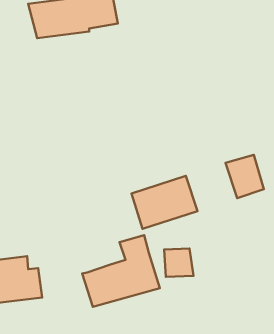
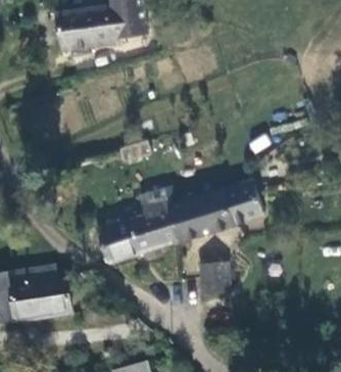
building: [225,155,264,198] -> [226,179,265,224]
building: [82,235,160,307] -> [100,187,181,262]

